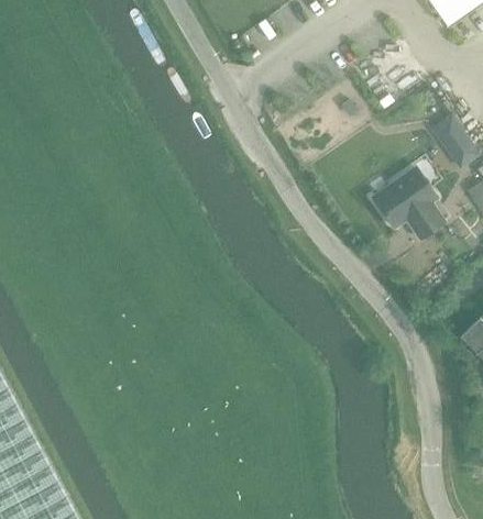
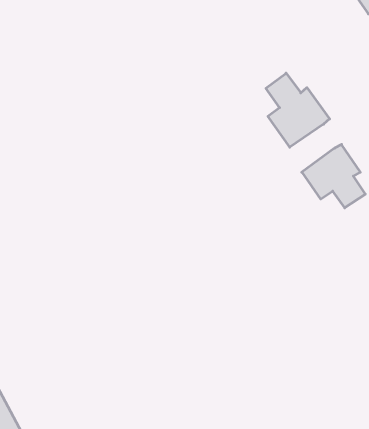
building: none -> [266,73,330,147]

